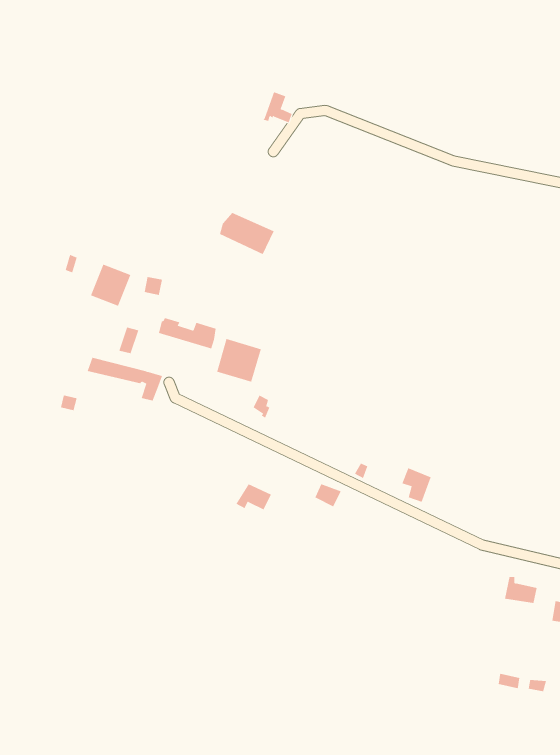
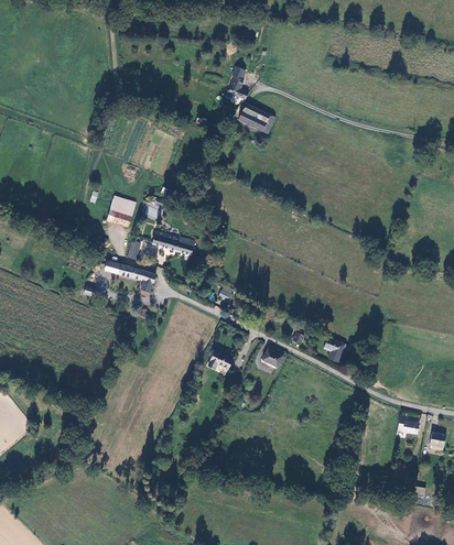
building: [219,212,274,255] -> [238,106,277,135]
building: [216,338,261,383] -> none

